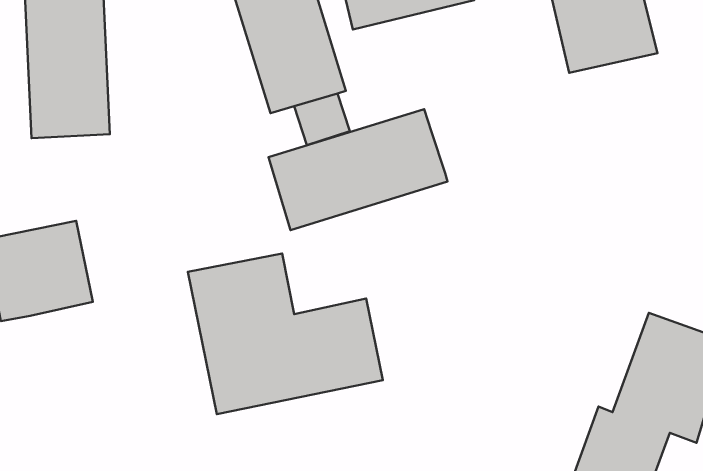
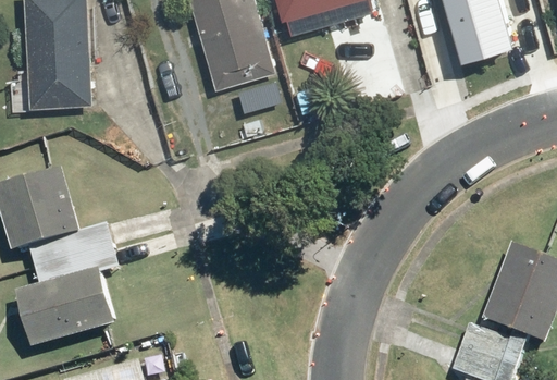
building: [268,109,447,230] -> none
building: [188,253,383,414] -> none
building: none -> [14,231,115,351]

